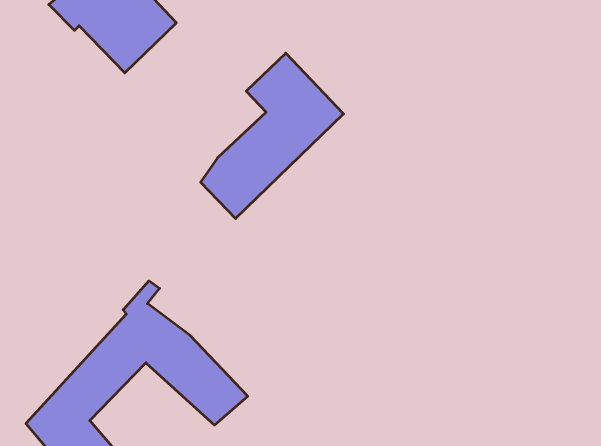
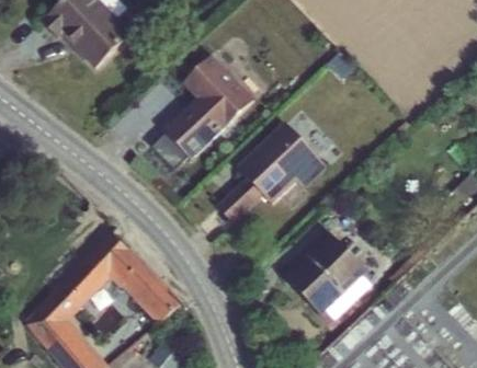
building: none -> [216,123,326,222]
building: none -> [281,230,372,321]

